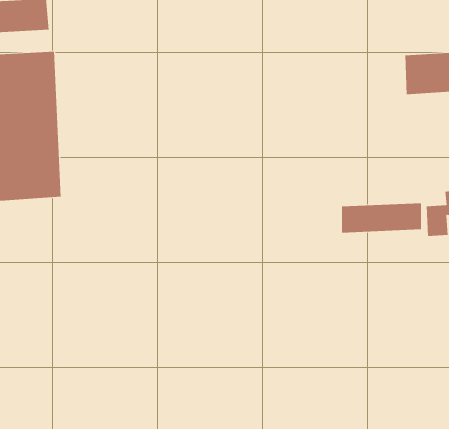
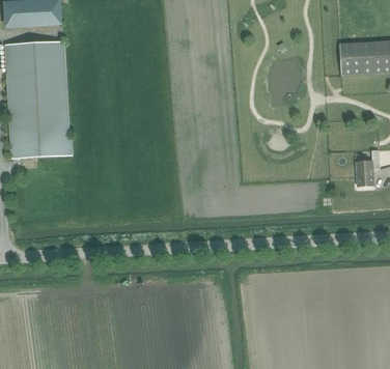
building: [341,202,422,233] -> none

